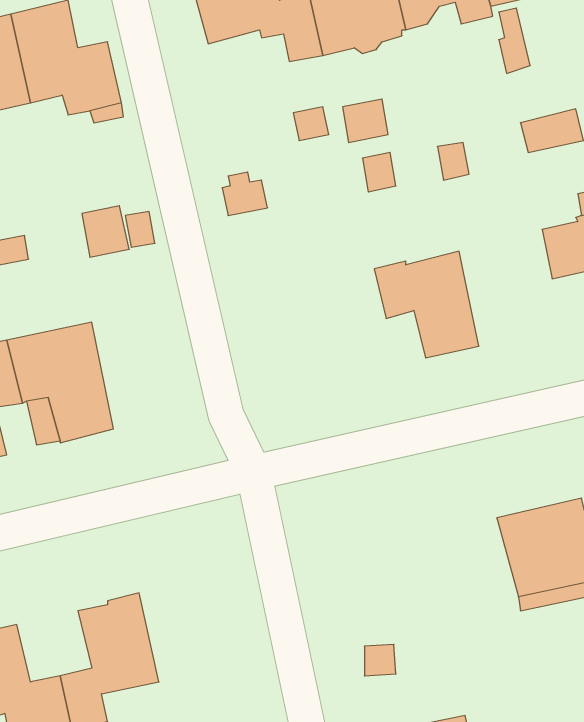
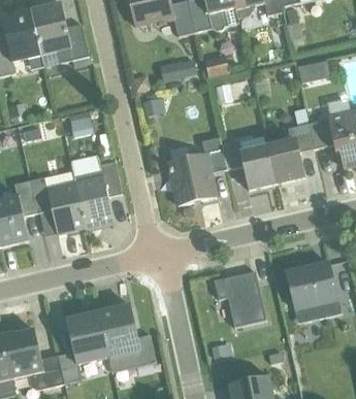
building: none -> [267,106,314,182]
building: none -> [167,135,227,204]
building: none -> [71,156,122,226]
building: none -> [214,270,265,326]
building: none -> [98,304,156,372]

